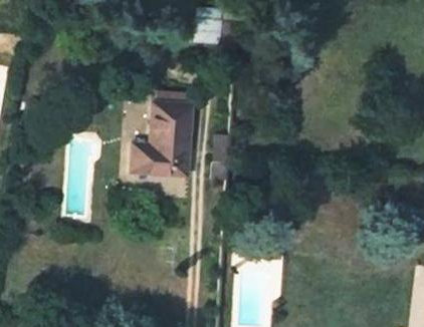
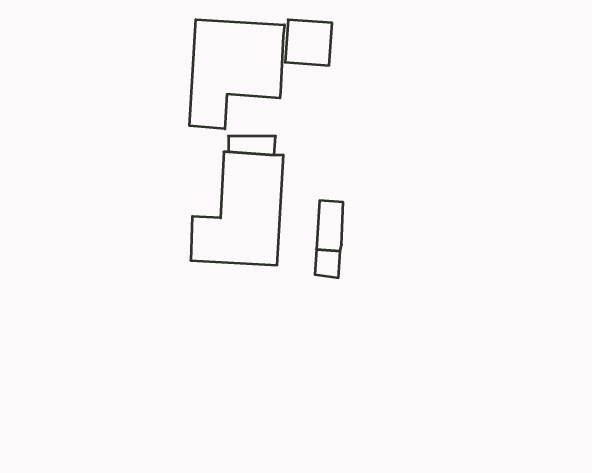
building: none -> [190,20,284,129]

